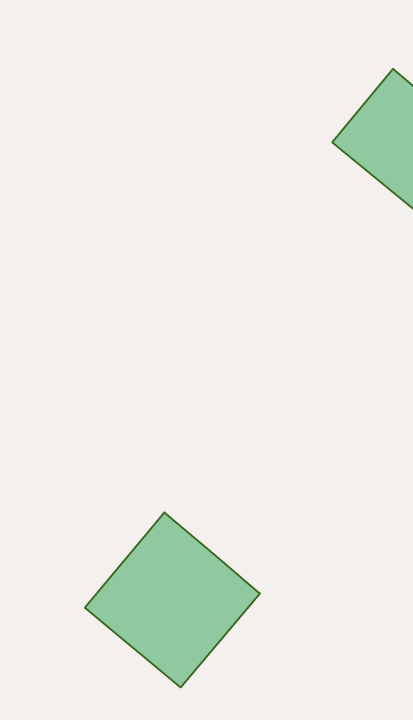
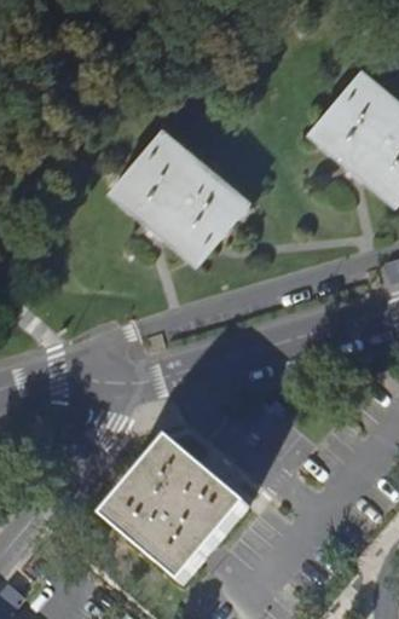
building: none -> [111,128,250,262]

